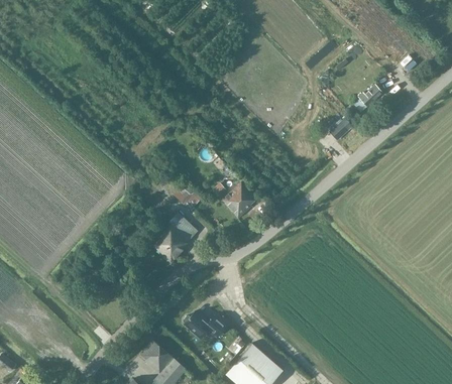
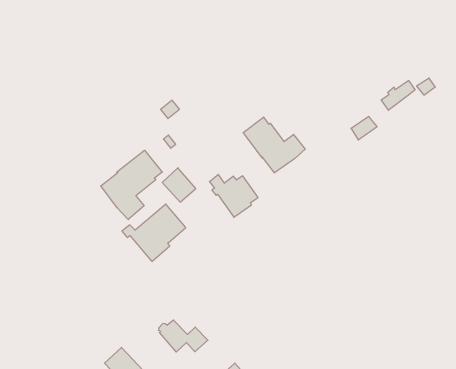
building: none -> [243,117,305,173]
building: none -> [101,150,162,220]

